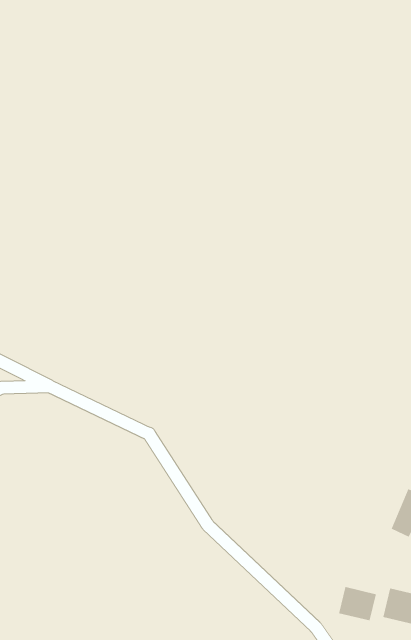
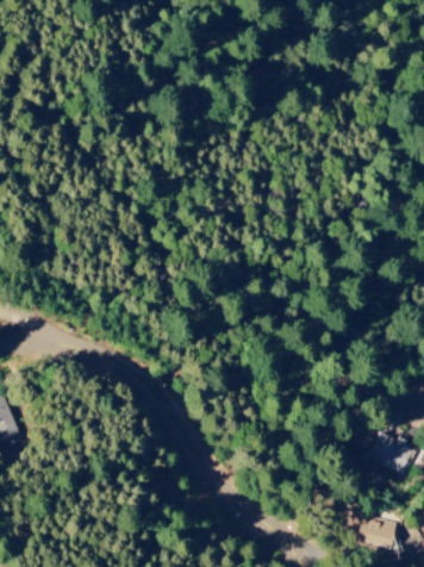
building: [338,586,376,621] -> none

